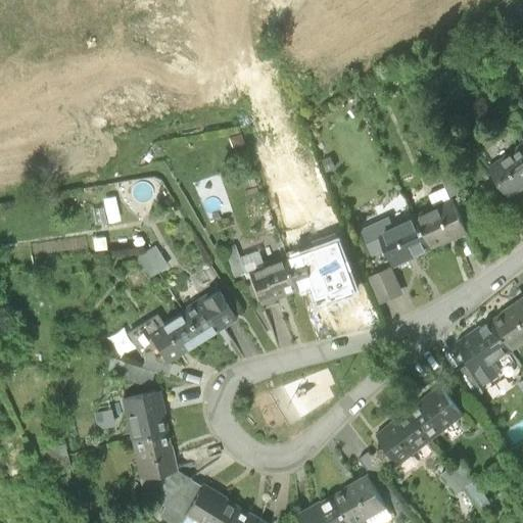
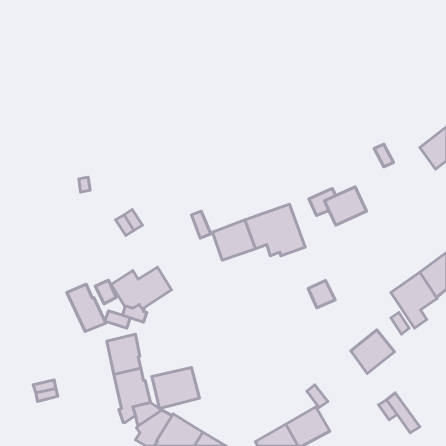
building: [416,201,467,247] -> none
building: [369,270,400,301] -> [308,281,335,308]
building: [185,291,234,339] -> none
building: none -> [67,284,106,332]
building: [378,411,430,462] -> none
building: none -> [152,368,199,409]

